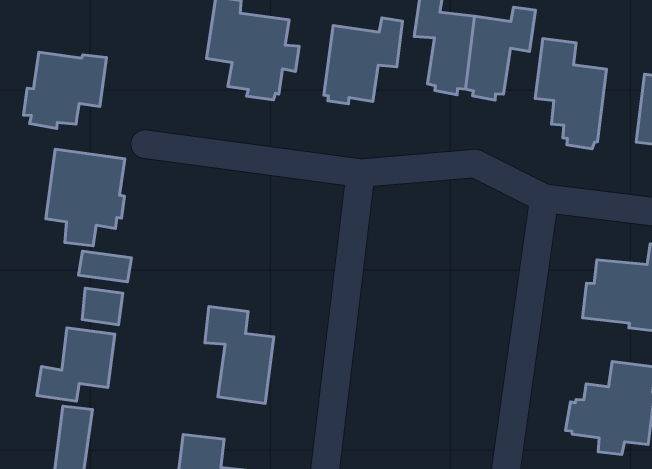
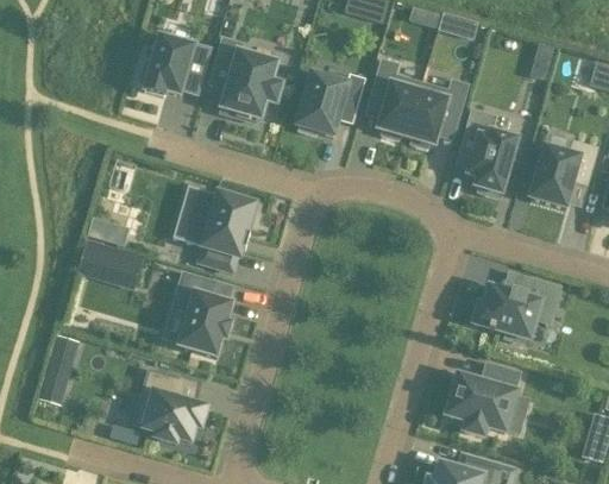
building: [24,52,106,129] -> [140,36,211,96]
building: [46,149,125,246] -> [187,189,255,268]
building: [37,328,115,401] -> none

